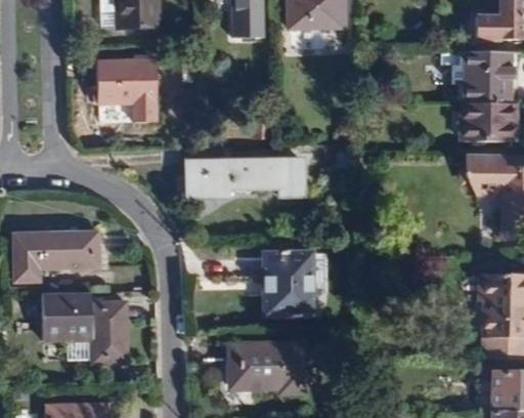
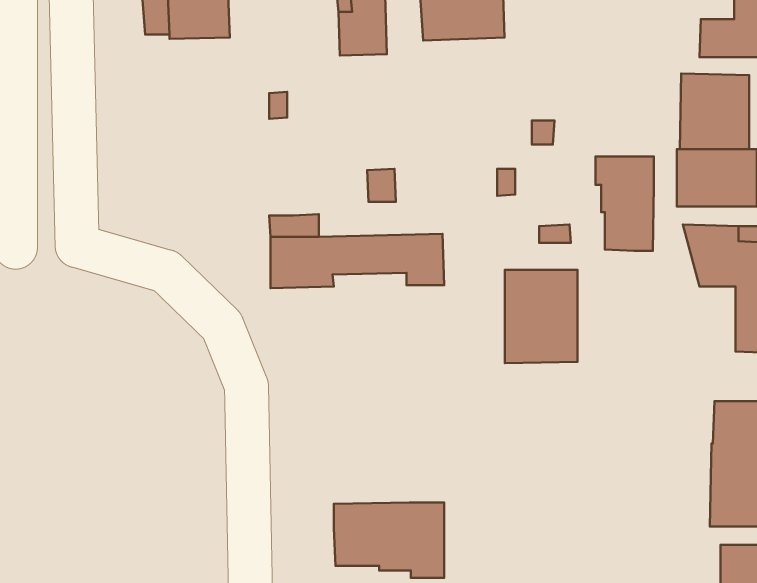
building: [96,58,157,121] -> none
building: none -> [595,157,654,251]
building: [12,232,99,281] -> none
building: [263,252,312,316] -> [505,270,577,363]
building: [44,291,127,363] -> none

